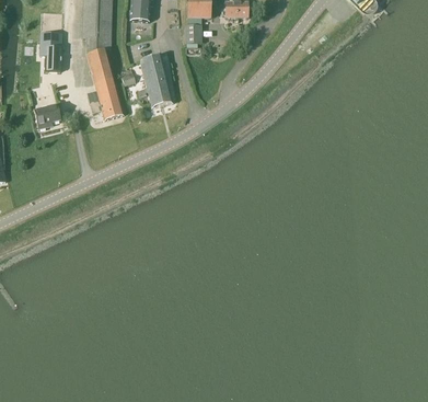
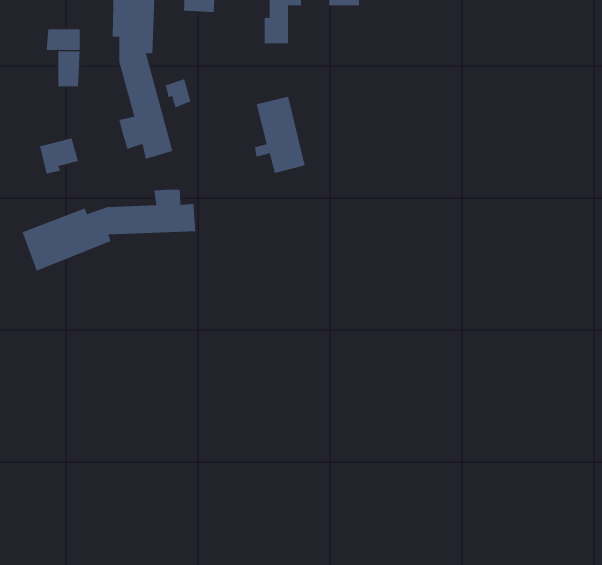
building: [139,55,173,106] -> [254,96,305,174]
building: none -> [22,189,196,272]

